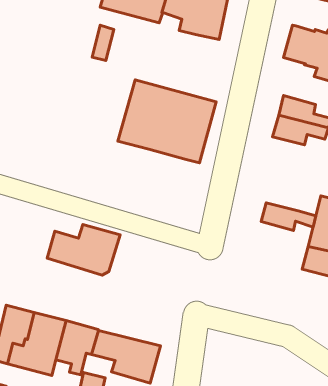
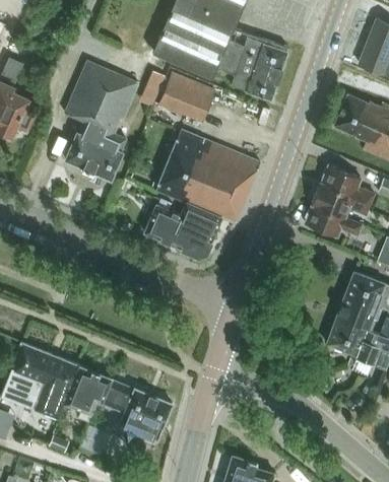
building: none -> [65,61,139,180]
building: none -> [159,74,214,122]
building: [261,203,316,231] -> [306,205,362,236]
building: [47,225,120,275] -> [145,202,222,256]

